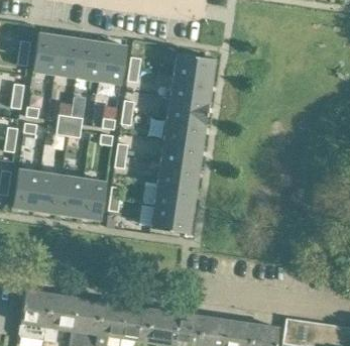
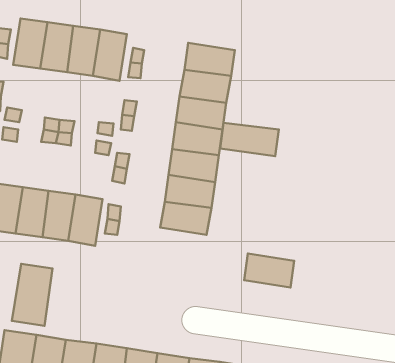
building: none -> [220,123,279,156]
building: [150,205,192,233] -> [244,253,294,288]
building: none -> [12,264,53,326]

